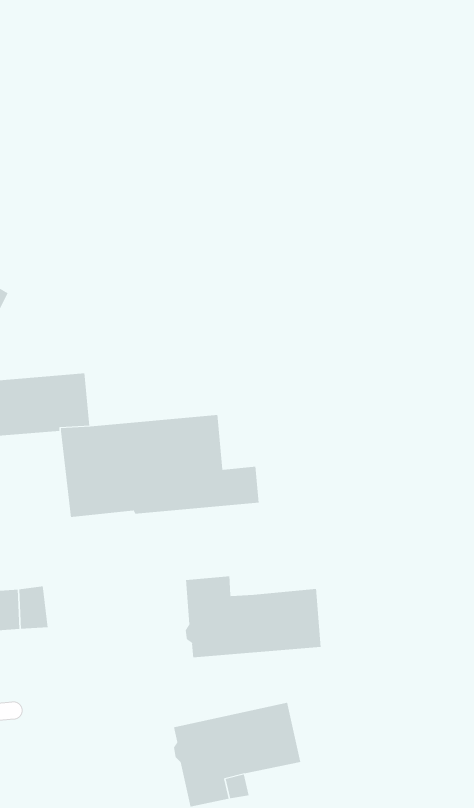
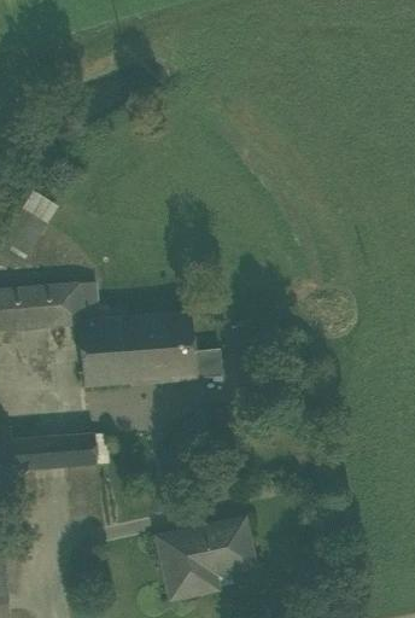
building: [185,575,321,658] -> none
building: none -> [65,435,97,467]

